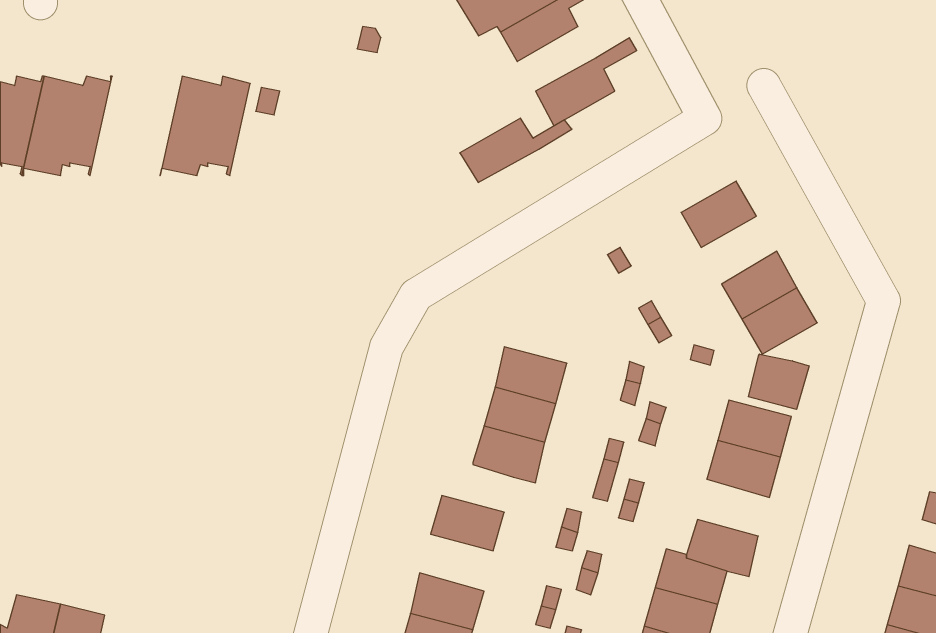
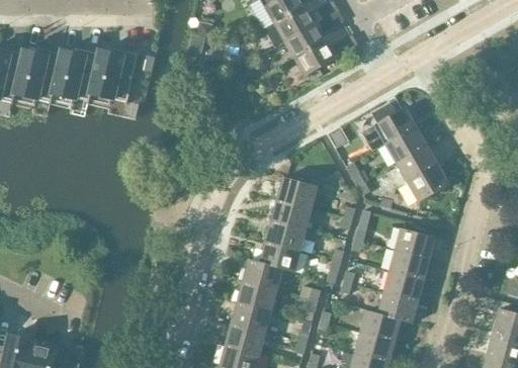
building: none -> [50,50,100,104]
building: [460,118,572,182] -> [284,22,346,58]
building: none -> [385,126,427,164]
building: none -> [277,177,318,207]
building: [749,354,809,409] -> none
building: none -> [243,259,282,289]
building: none -> [383,271,423,302]
building: none -> [231,301,271,333]

